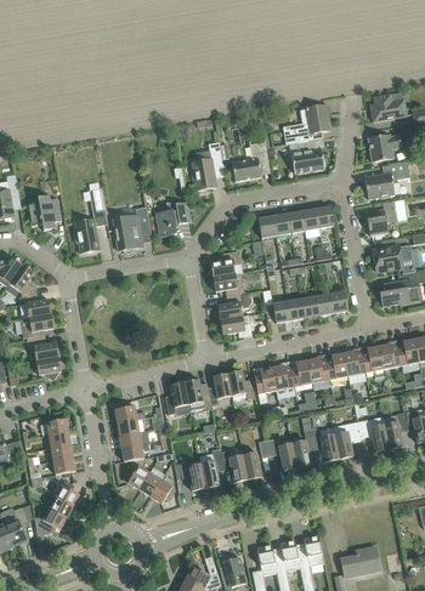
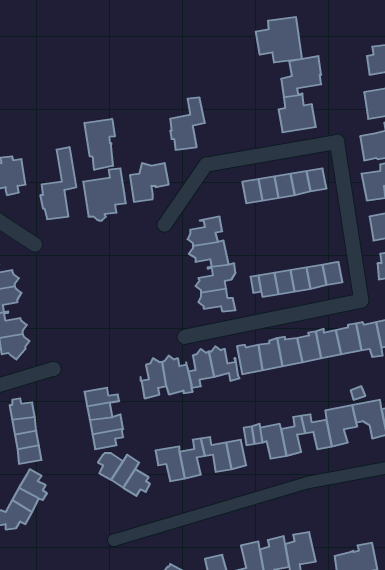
building: none -> [256,17,302,63]
building: [232,141,268,181] -> none
building: none -> [85,119,115,170]

